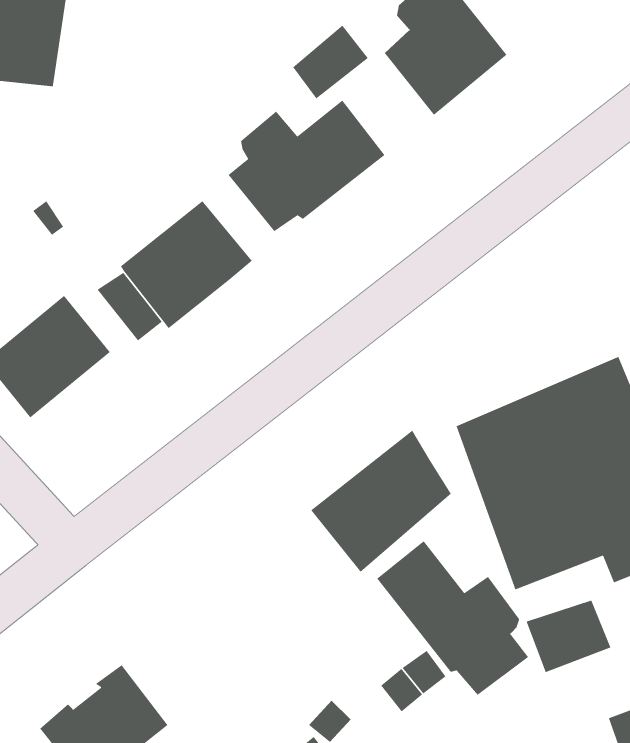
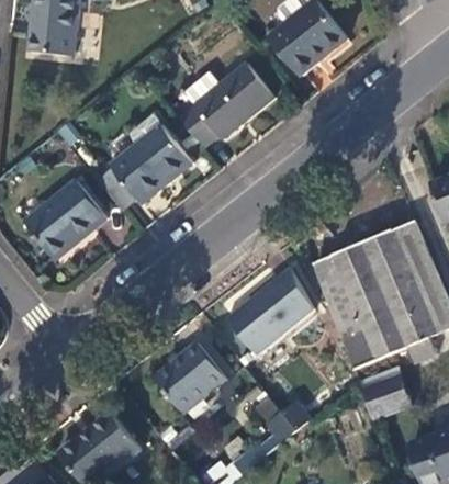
building: [292,24,369,100] -> none
building: [376,540,529,696] -> none
building: none -> [155,341,225,412]

